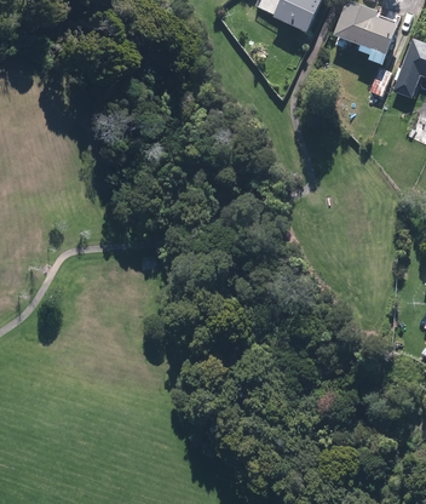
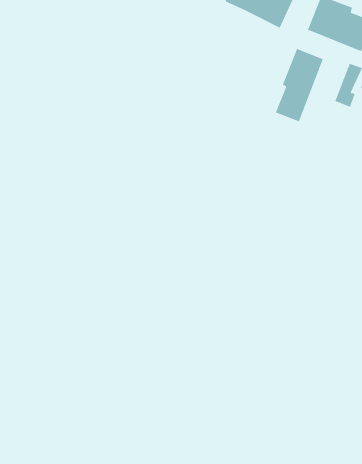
building: none -> [275,48,323,122]

